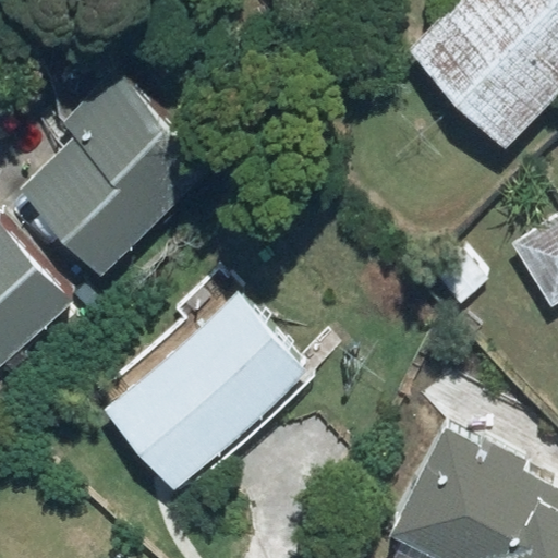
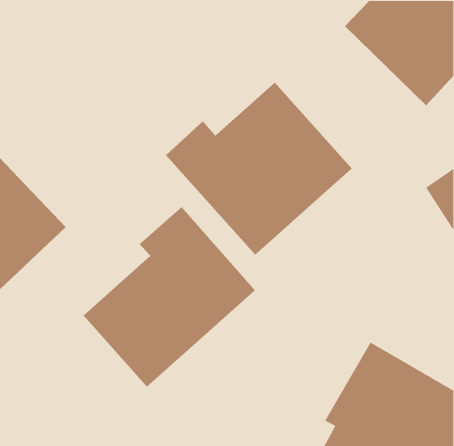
building: [25,61,214,266] -> none
building: none -> [165,82,353,255]

